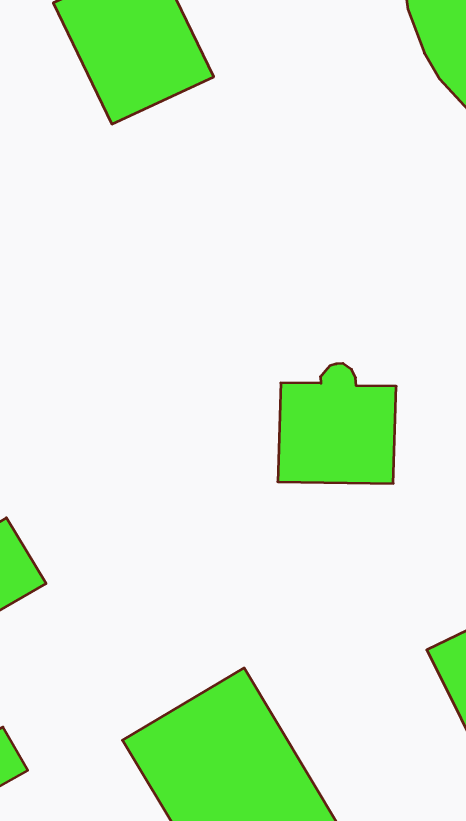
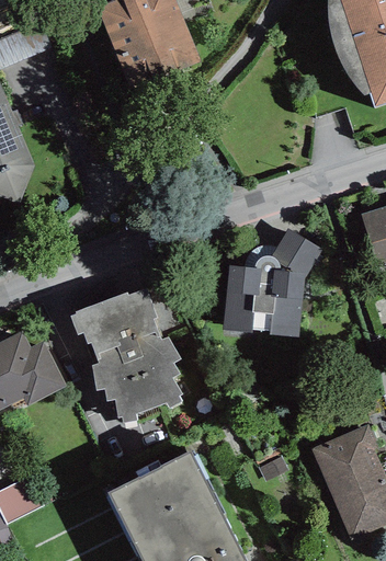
building: none -> [271,227,319,272]
building: none -> [70,286,181,421]

